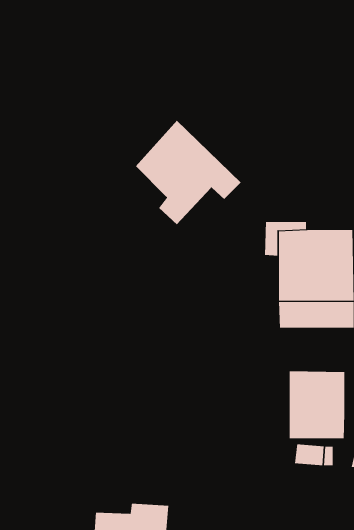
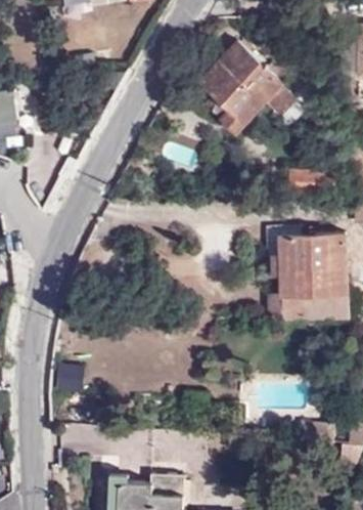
building: [135,120,242,225] -> [198,42,292,135]
building: [289,371,345,439] -> none

